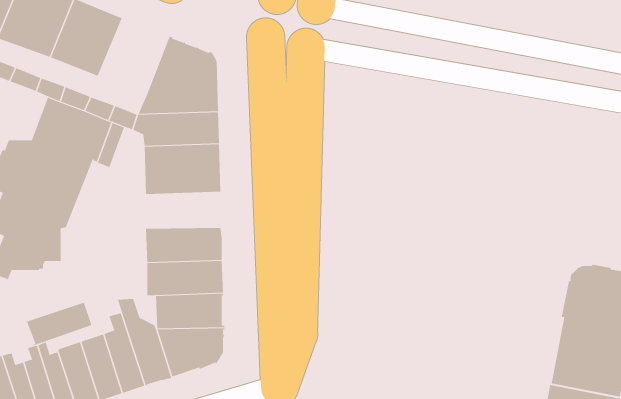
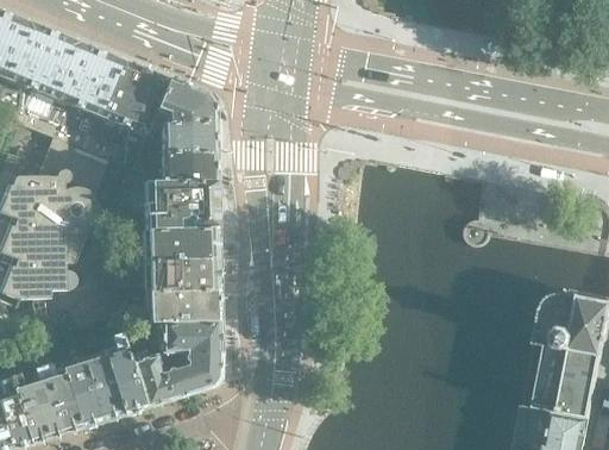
building: none -> [101,60,168,132]
building: none -> [145,224,216,258]
building: [25,302,92,346] -> none

